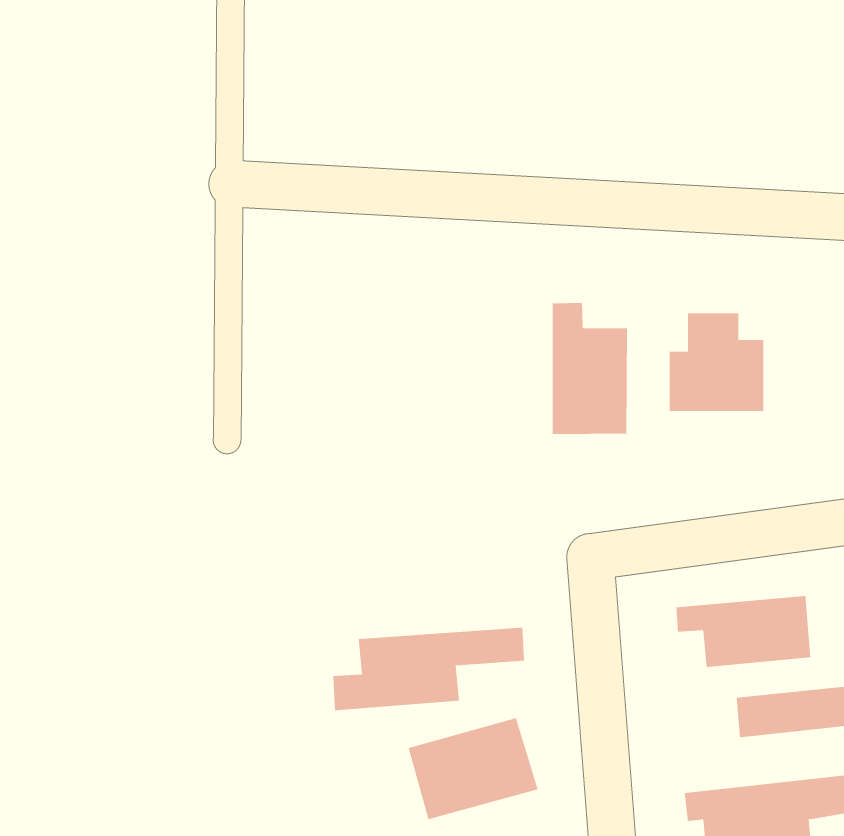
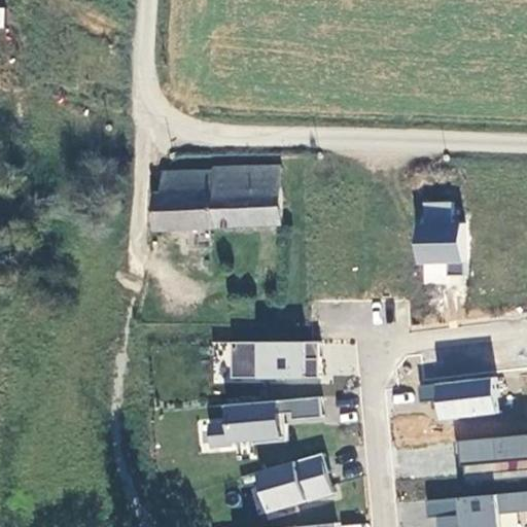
building: none -> [153,166,281,226]
building: [552,302,628,435] -> none
building: none -> [231,341,320,378]

